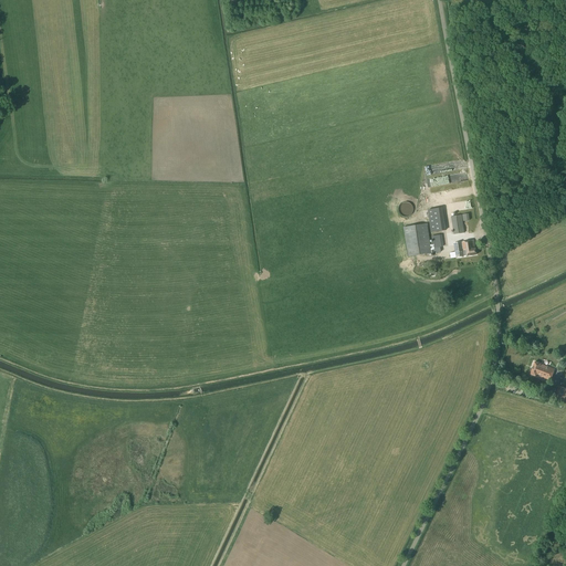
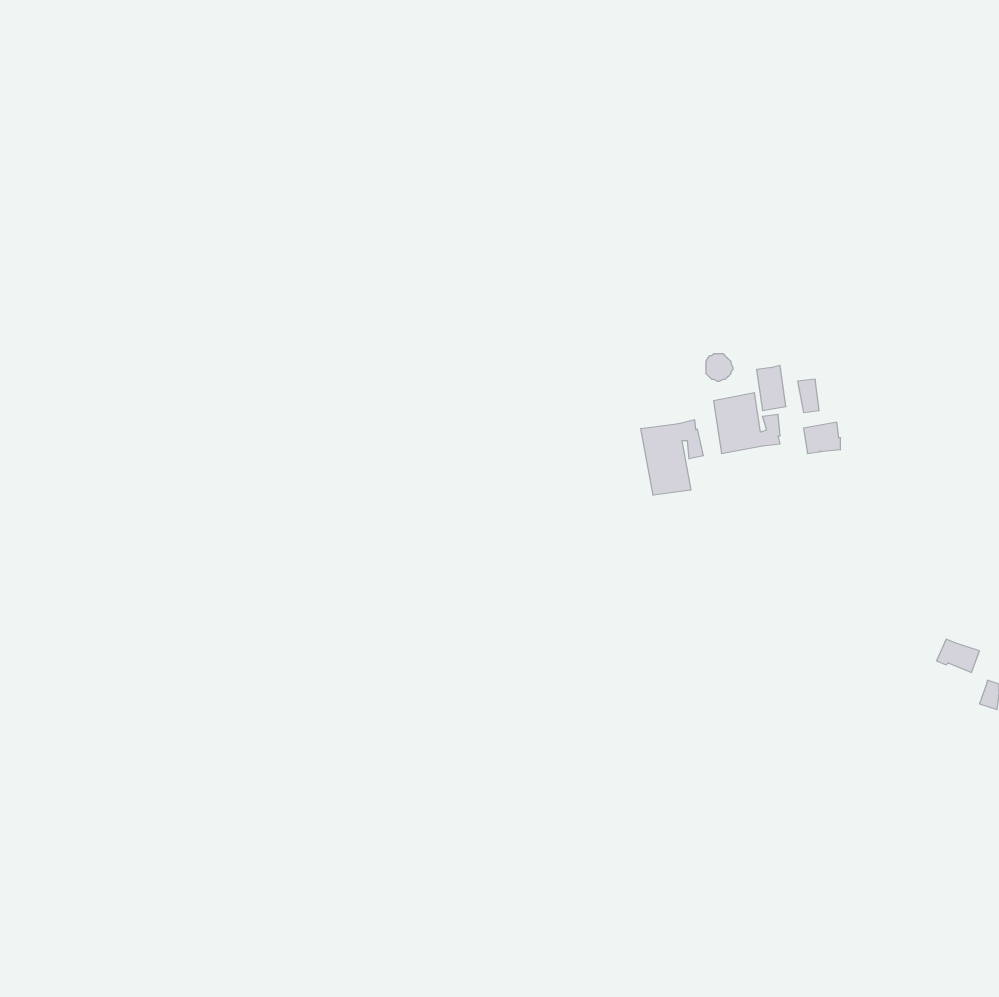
building: none -> [641,420,703,495]

